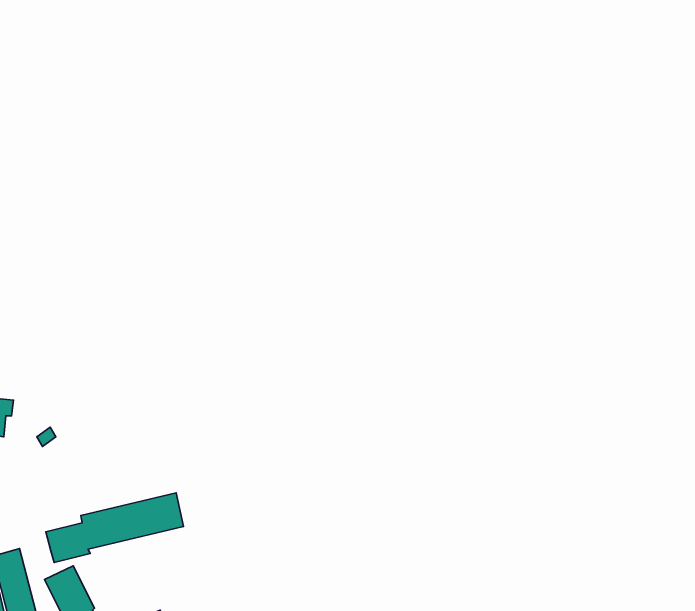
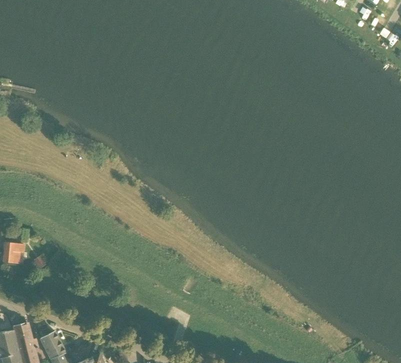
building: [46,493,184,563] -> none

